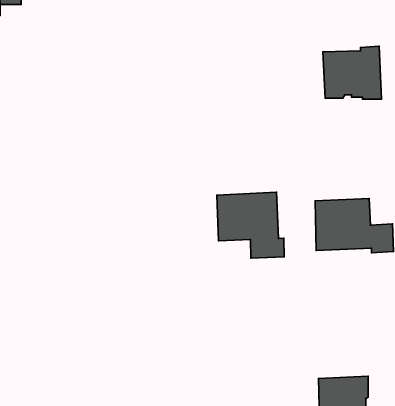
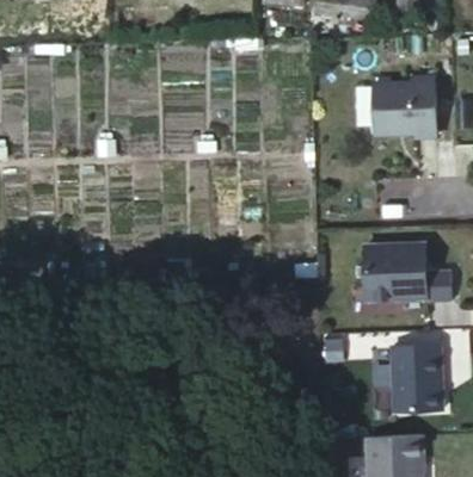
building: [217,192,284,258] -> none
building: none -> [391,343,442,411]

